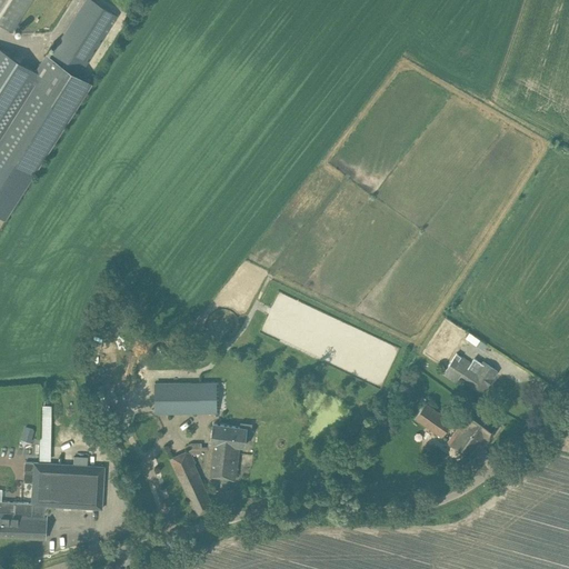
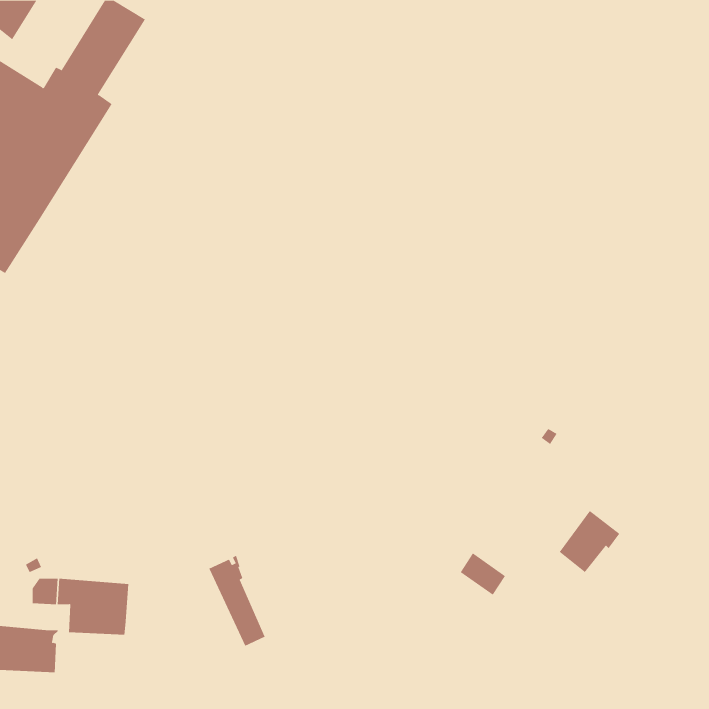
building: [440,349,497,393] -> none
building: [153,383,216,412] -> none
building: [415,403,451,438] -> [460,553,506,596]
building: [207,423,250,479] -> none

